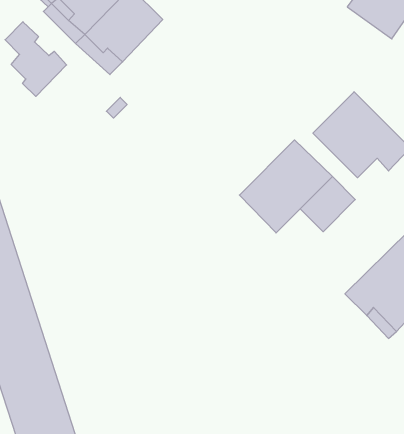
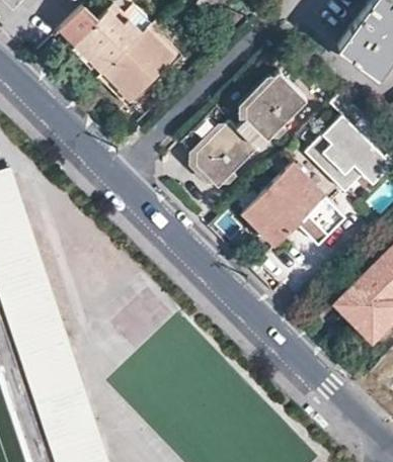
building: [5,22,67,96] -> none
building: none -> [178,71,307,188]

